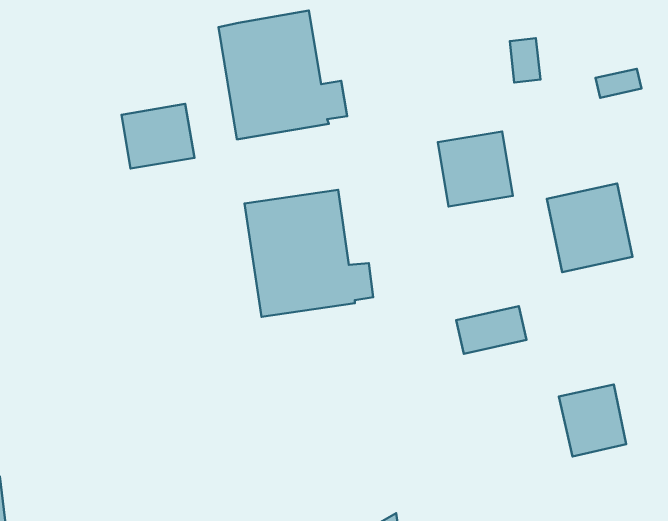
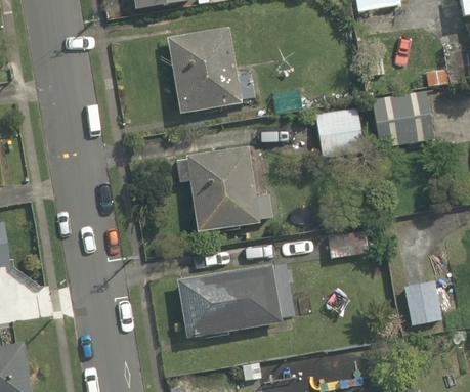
building: [121,104,194,169] -> none
building: [547,183,633,272] -> [372,87,429,146]
building: none -> [179,266,279,341]

